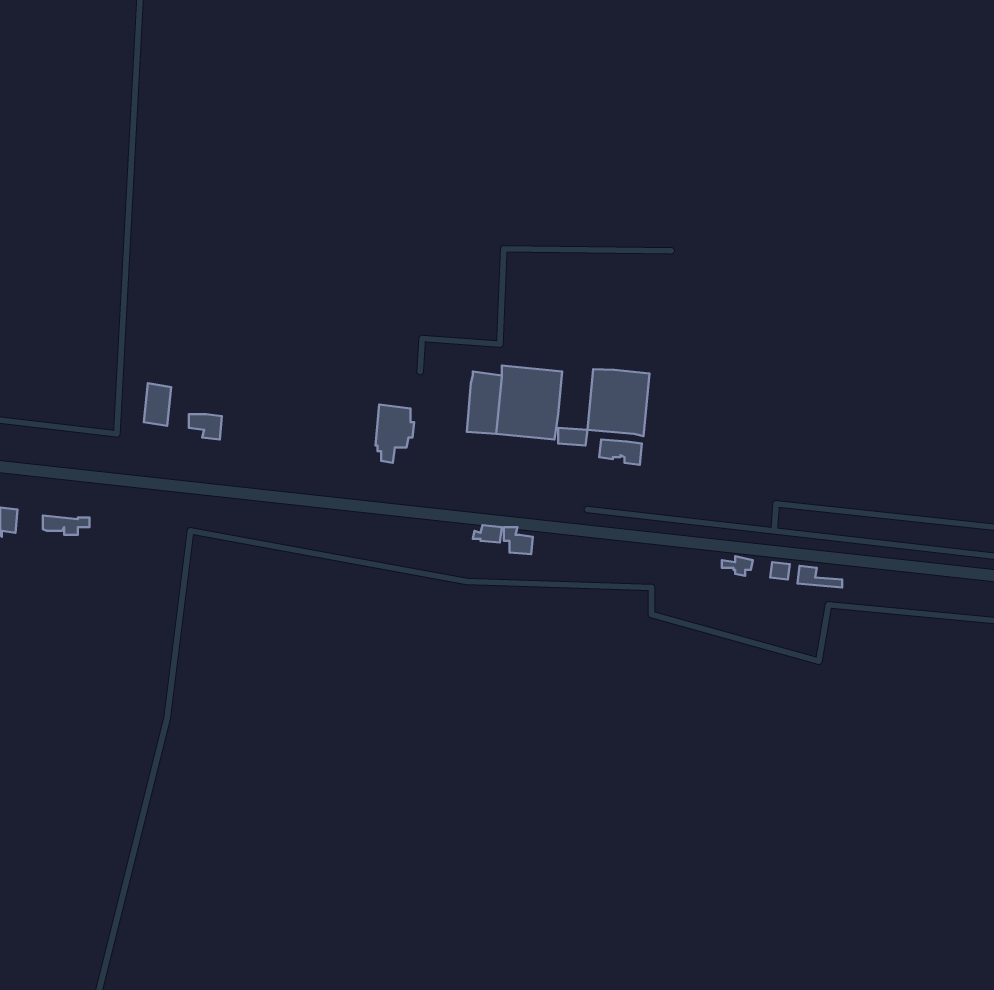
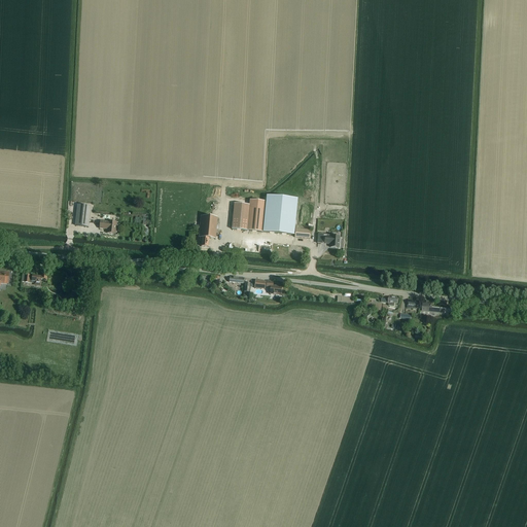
building: [587,369,649,436] -> none
building: none -> [232,202,249,229]

